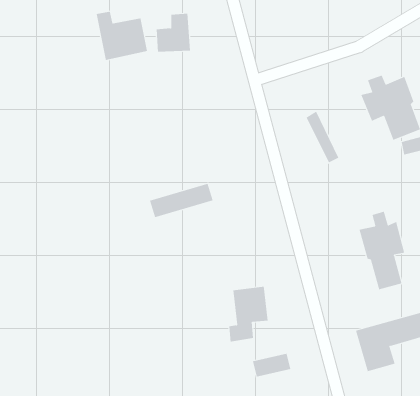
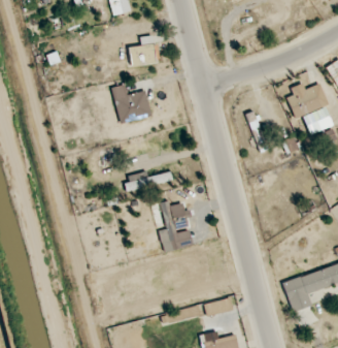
building: [96,11,148,61] -> [112,85,153,123]
building: [359,211,405,290] -> none
building: [228,286,269,342] -> [160,199,191,243]

